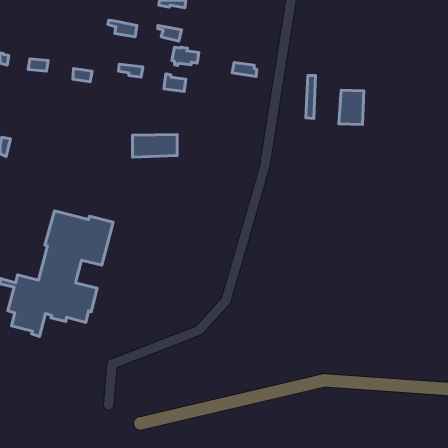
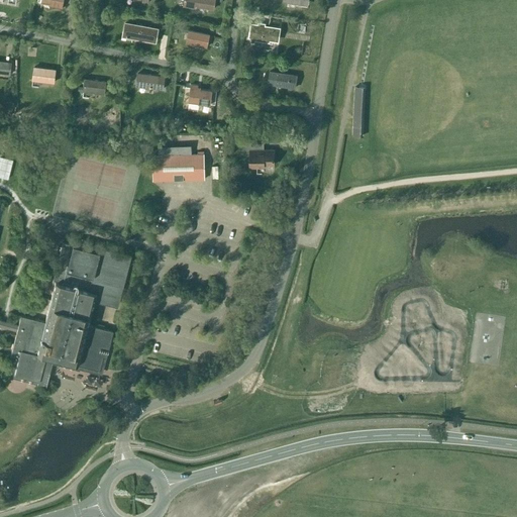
building: [172,47,199,66] -> [247,23,279,44]
building: [339,90,364,125] -> none
building: none -> [241,143,274,169]

